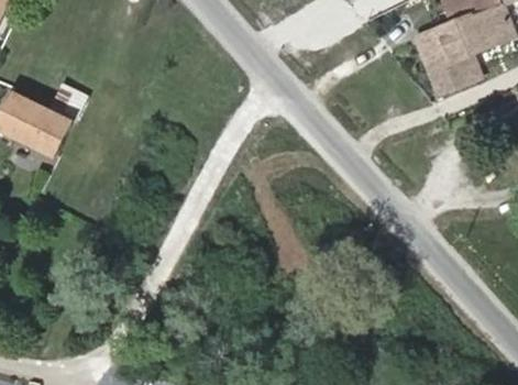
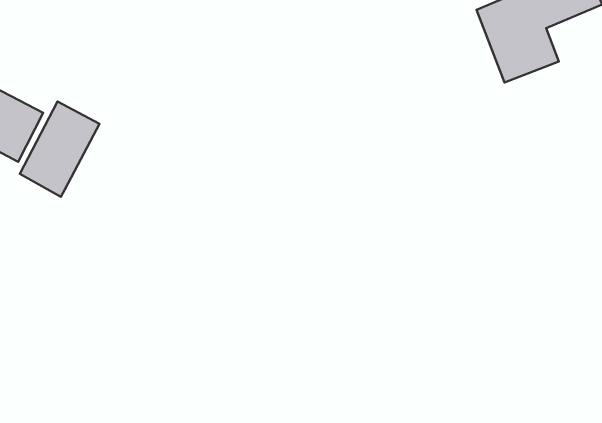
building: none -> [20,102,99,197]

